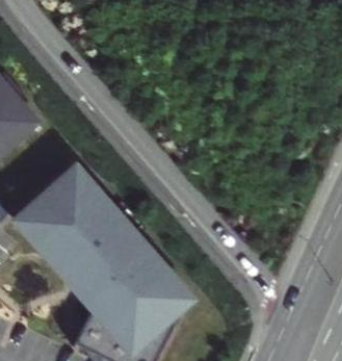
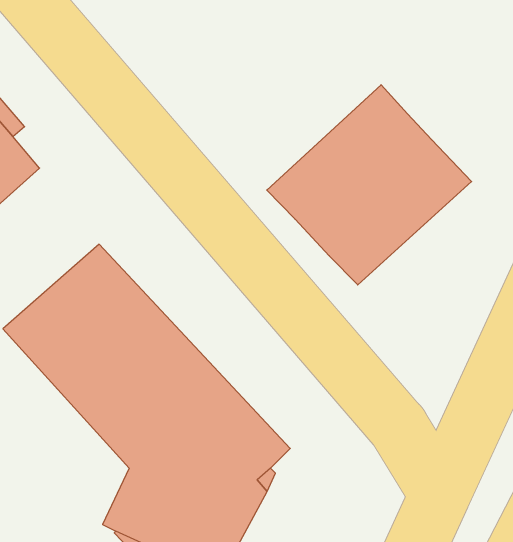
building: none -> [267,85,472,285]

